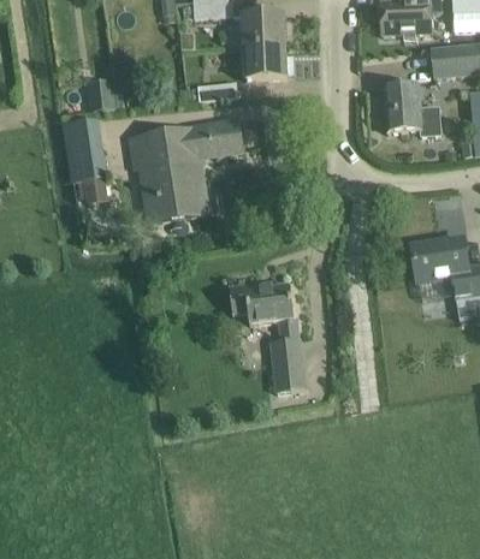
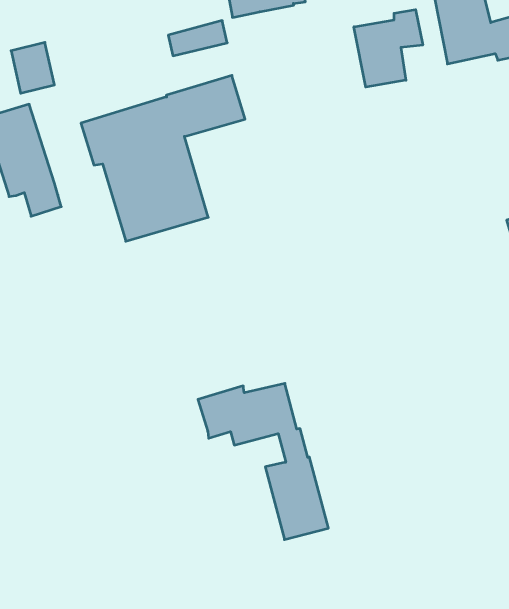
building: none -> [354,10,423,87]
building: [230,283,307,392] -> [198,383,328,540]

